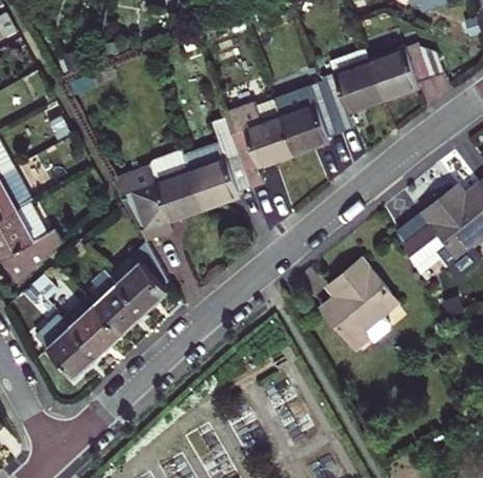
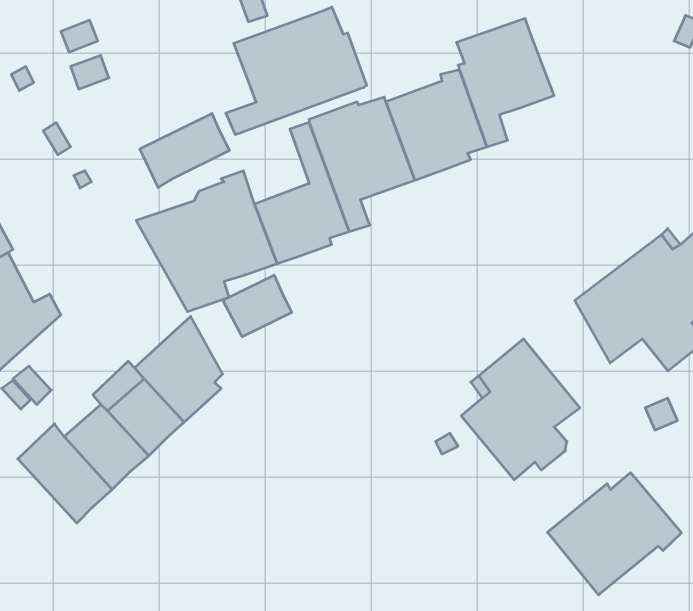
building: none -> [226,7,367,135]
building: [368,44,444,100] -> none
building: none -> [140,113,229,188]
building: none -> [223,275,292,337]
building: none -> [547,473,681,595]

